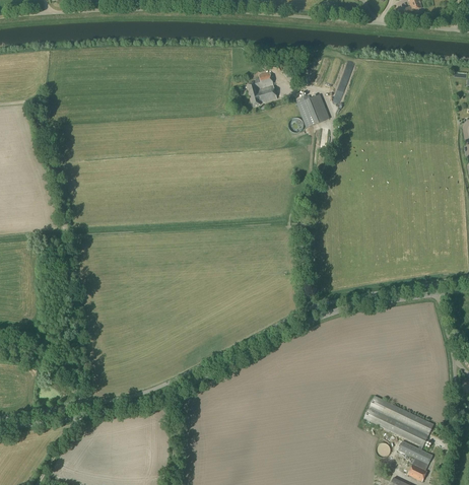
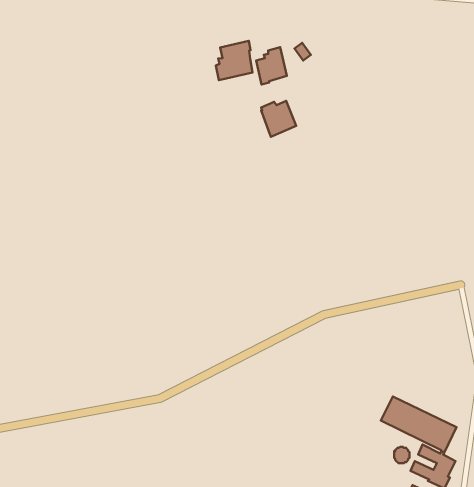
building: none -> [216,41,253,80]
building: [296,94,329,128] -> [261,101,296,137]

